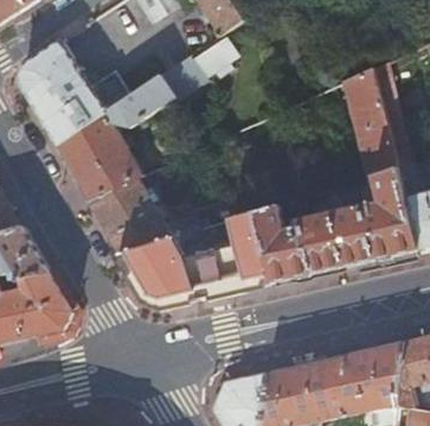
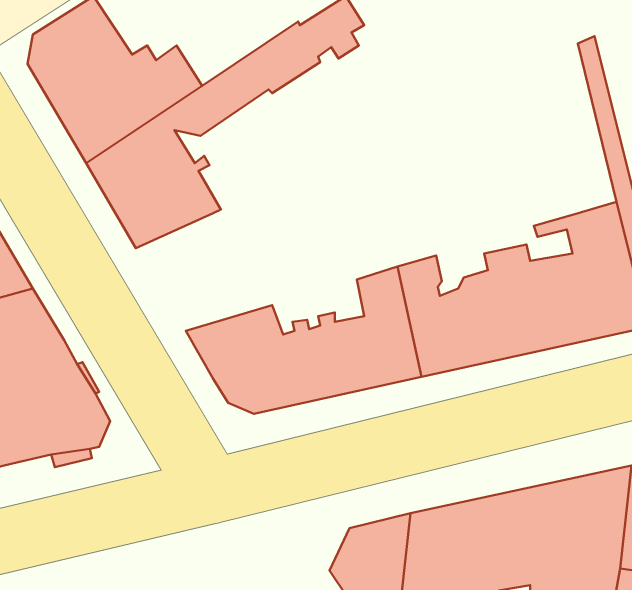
building: [345,68,398,178] -> none
building: [89,177,205,253] -> none

